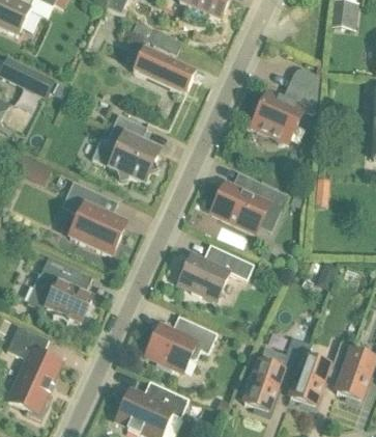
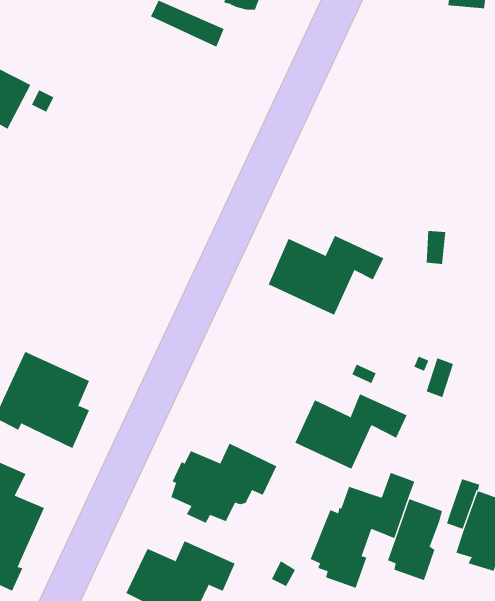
building: [132,47,195,93] -> none
building: [250,69,319,142] -> none
building: [91,113,158,183] -> none
building: [60,181,125,255] -> none
building: [177,249,253,300] -> [294,393,407,469]

